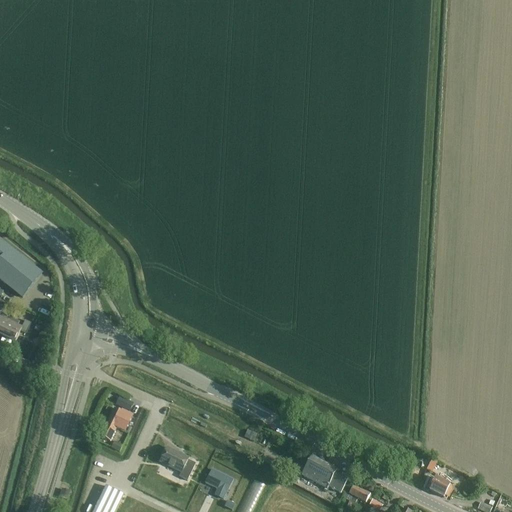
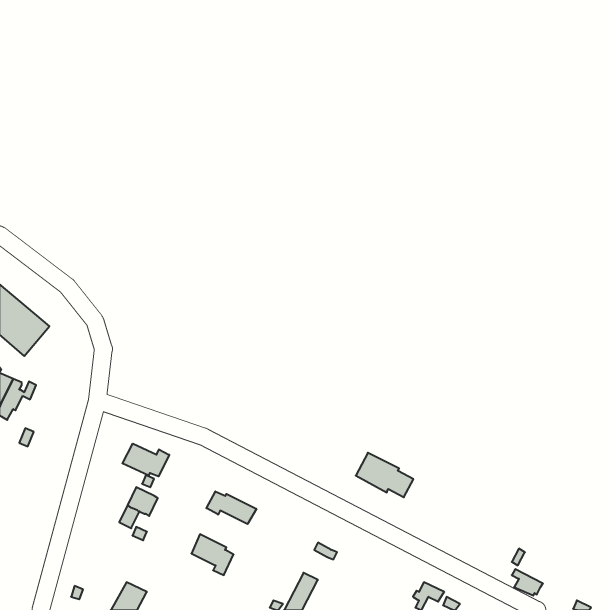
building: none -> [122,444,169,476]
building: none -> [206,491,256,524]
building: [300,454,348,491] -> [356,453,413,497]
building: [204,467,233,498] -> none

